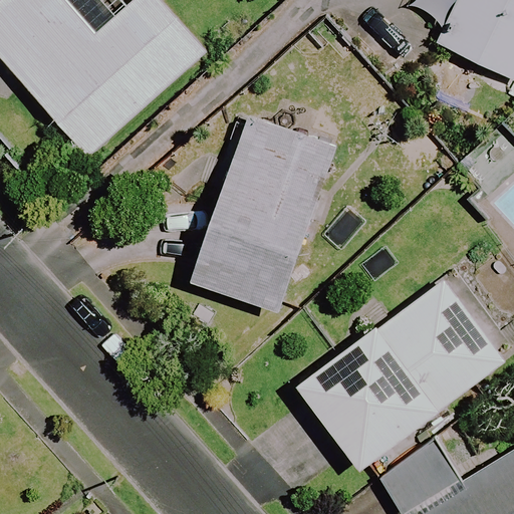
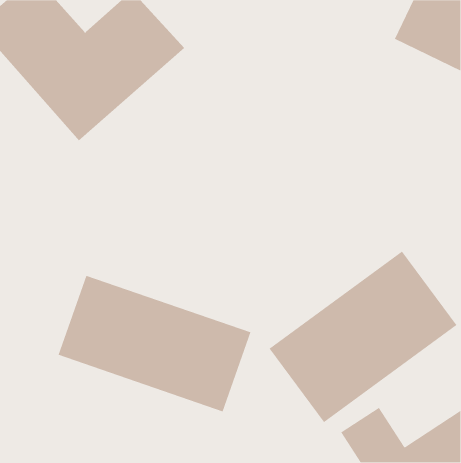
building: [193,115,336,311] -> none
building: none -> [58,275,251,412]

